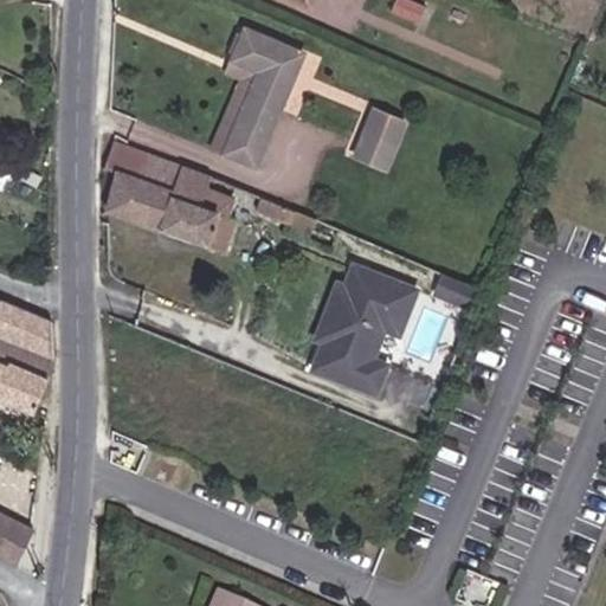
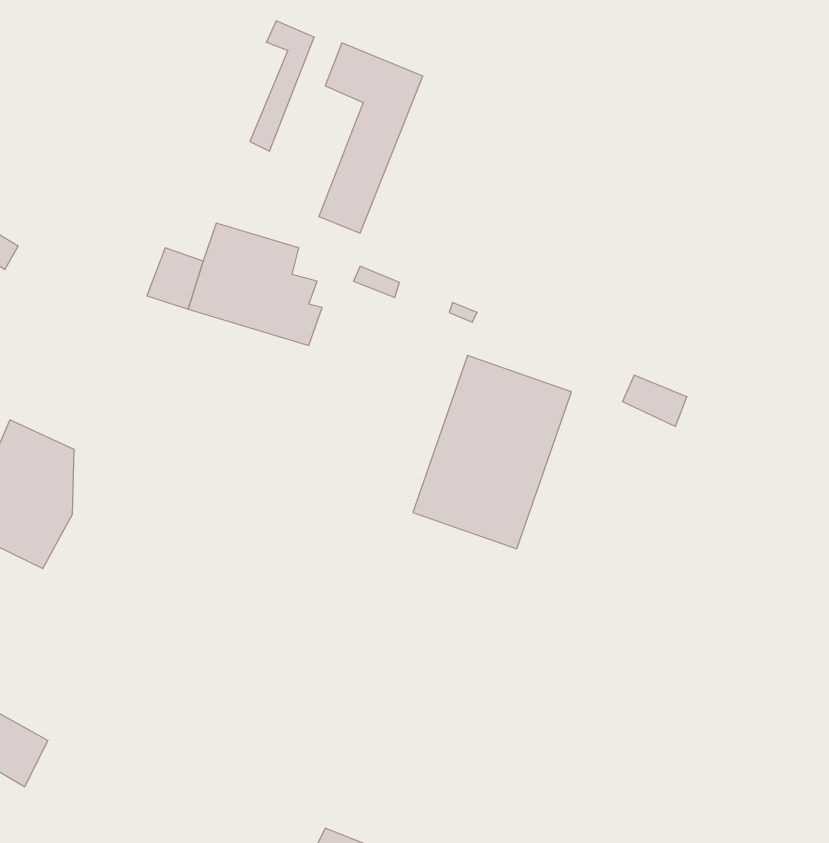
building: [214,63,260,156] -> [250,21,314,151]
building: [357,107,405,163] -> none
building: [105,148,155,188] -> none

